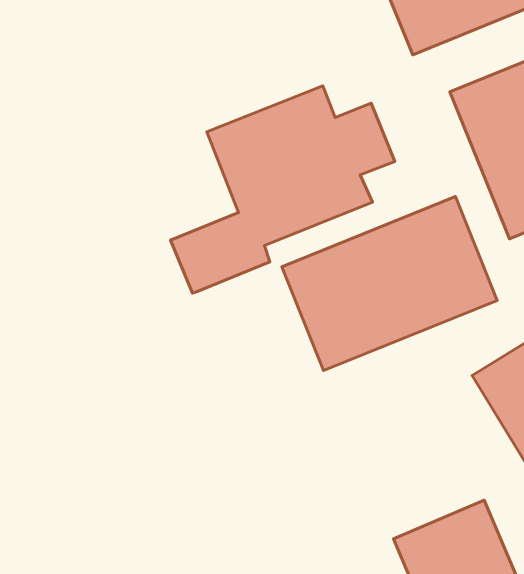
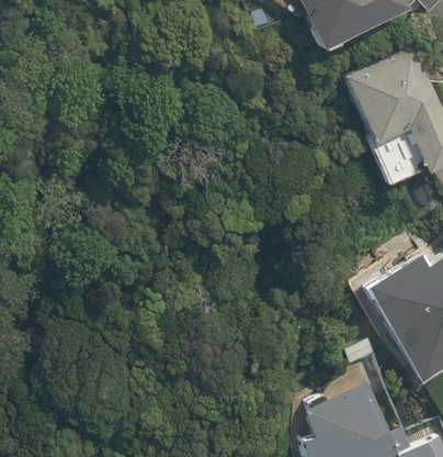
building: [170,86,395,293] -> none
building: [282,197,497,370] -> none

